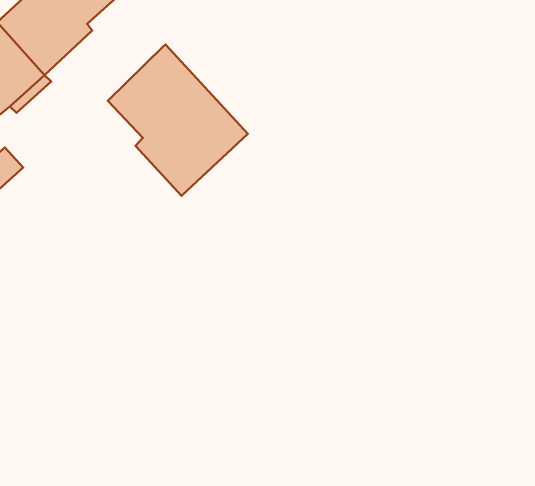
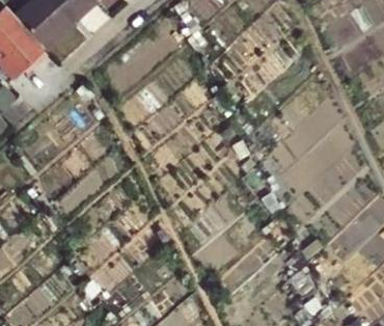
building: [108,44,248,196] -> none

